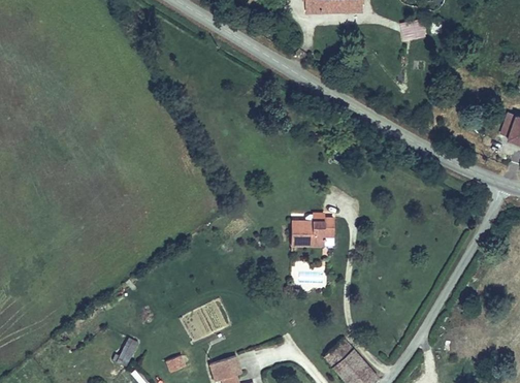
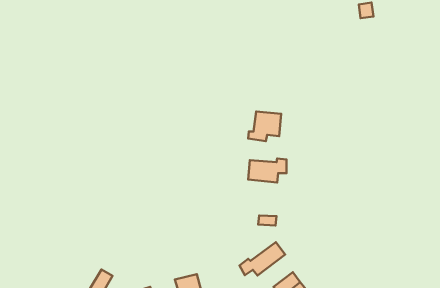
building: none -> [248,111,281,141]
building: none -> [239,242,285,275]

